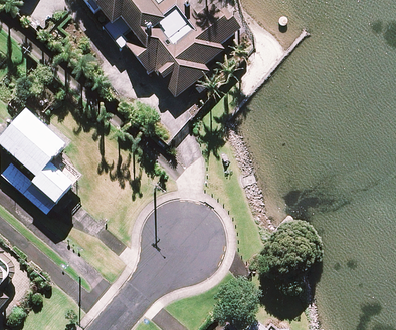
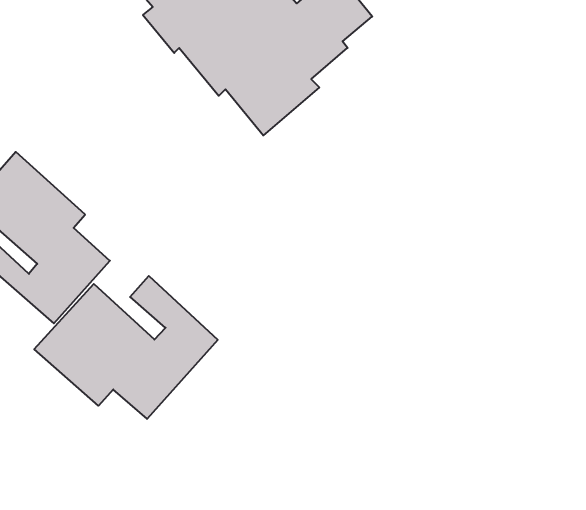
building: none -> [34,276,218,419]

